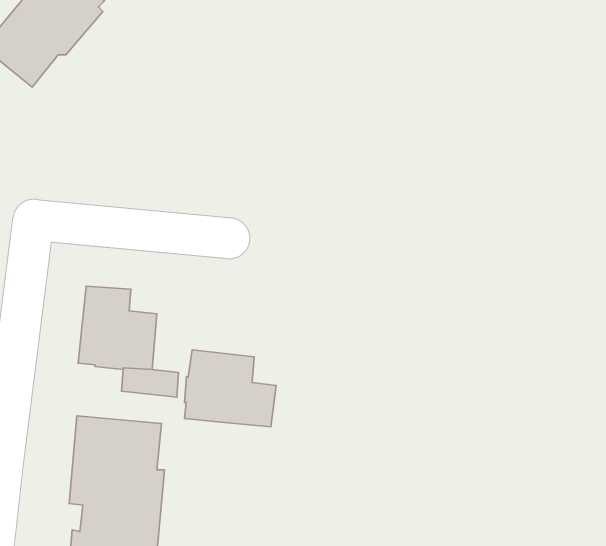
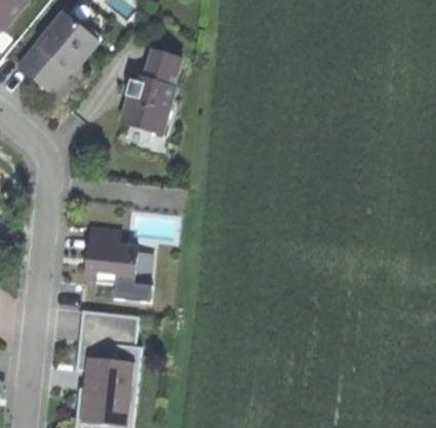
building: none -> [121,50,181,134]
building: [184,350,276,427] -> none

